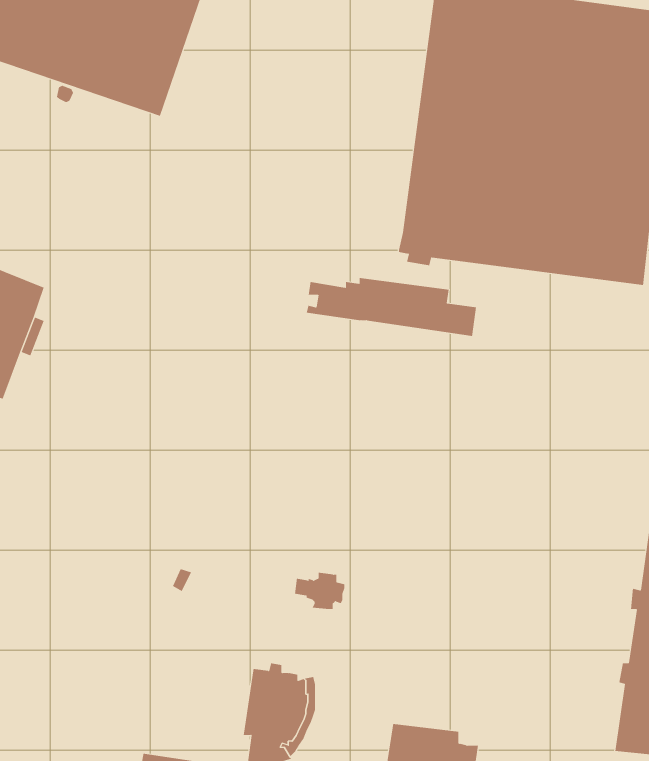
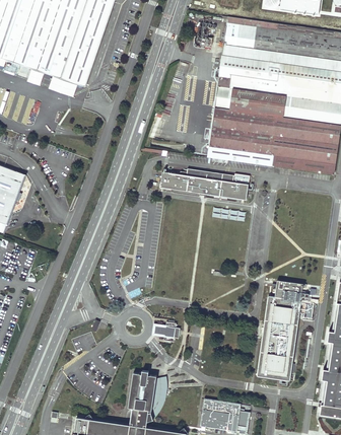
building: none -> [258,281,315,381]

